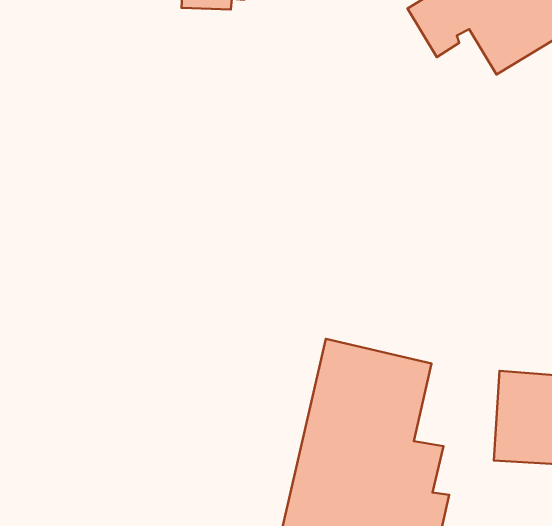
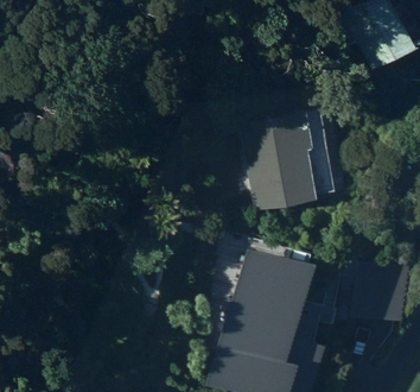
building: none -> [240,107,333,209]

